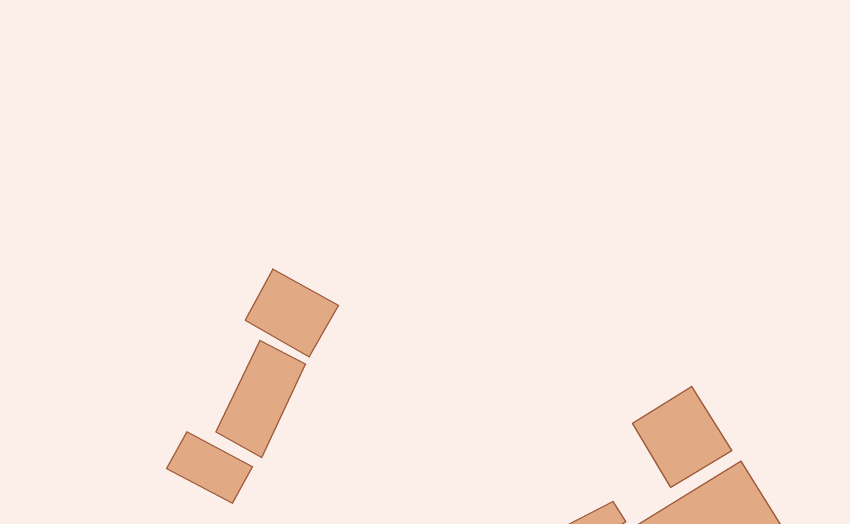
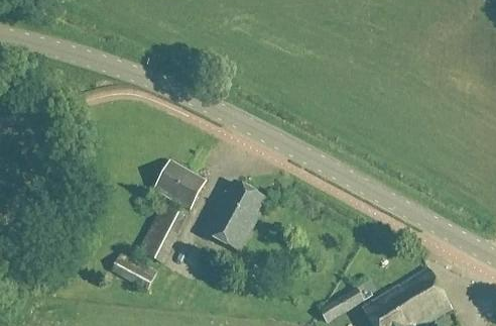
building: none -> [201,181,263,251]
building: [633,386,732,487] -> none

